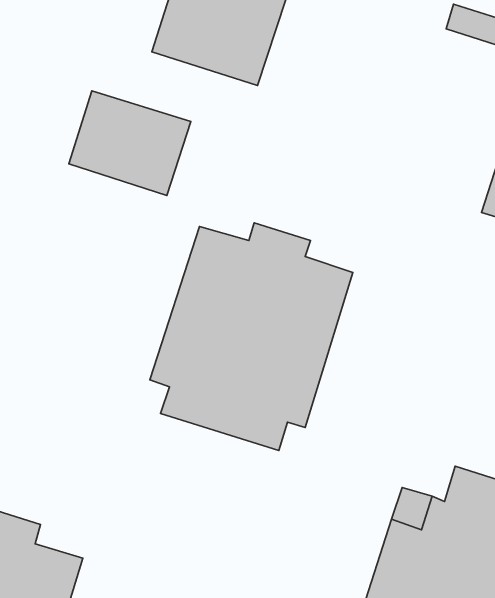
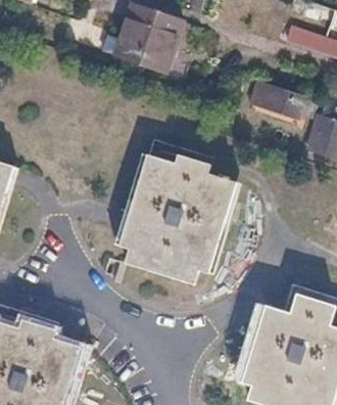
building: [69,91,191,196] -> none
building: none -> [255,80,305,116]

